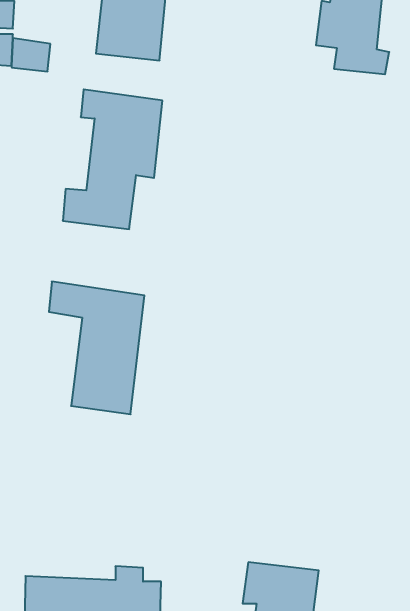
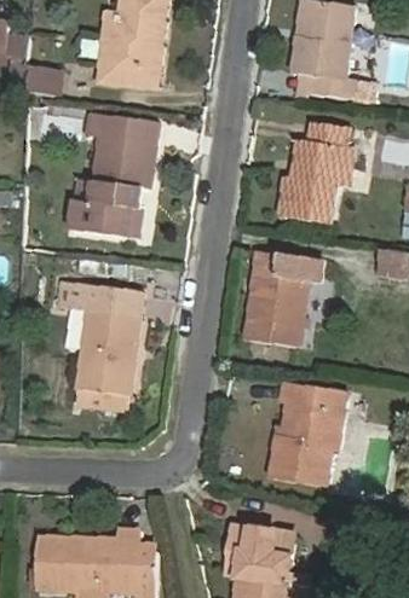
building: none -> [278,121,352,223]
building: none -> [247,251,322,346]
building: none -> [270,381,344,486]

